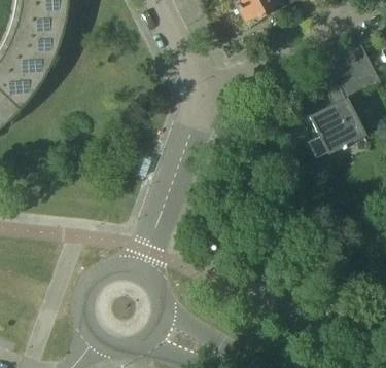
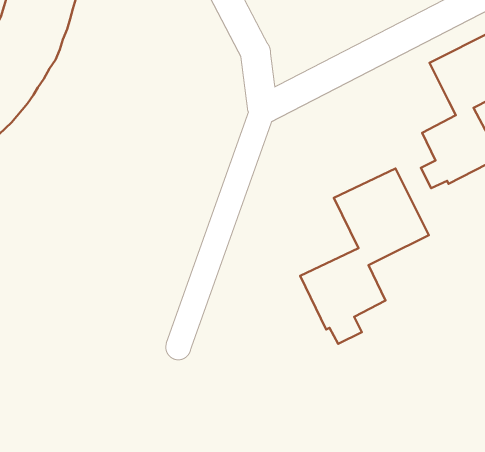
building: none -> [300,168,429,344]

